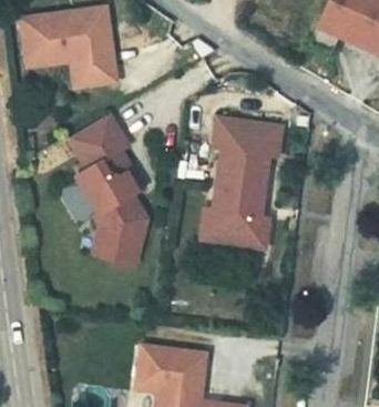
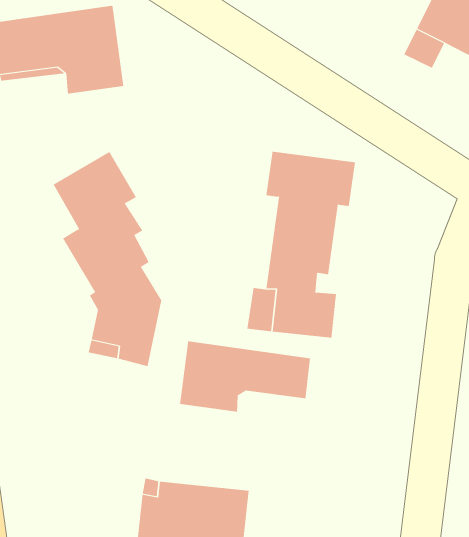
building: none -> [179,341,310,412]

